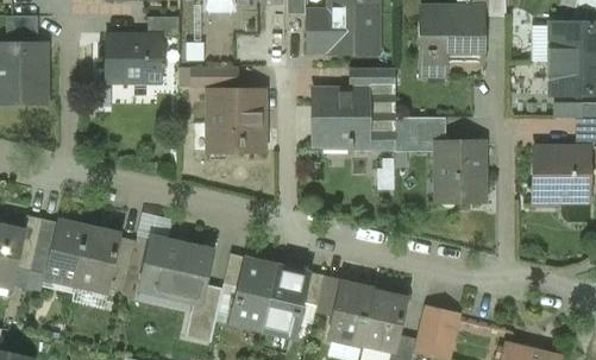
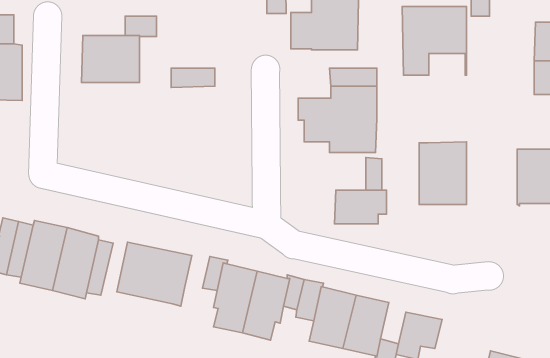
building: [209,91,263,151] -> none
building: [394,118,445,151] -> [334,190,387,224]
building: [186,284,222,342] -> none

